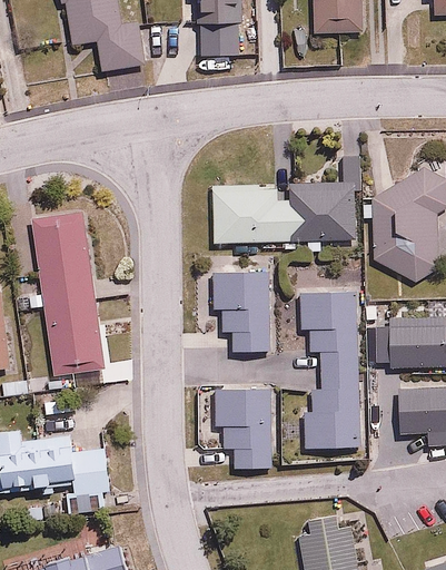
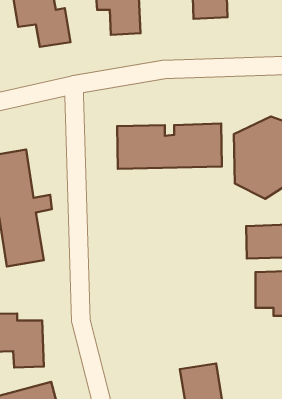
building: [210,259,275,354] -> none
building: [300,292,358,446] -> none
building: [212,392,269,471] -> none

